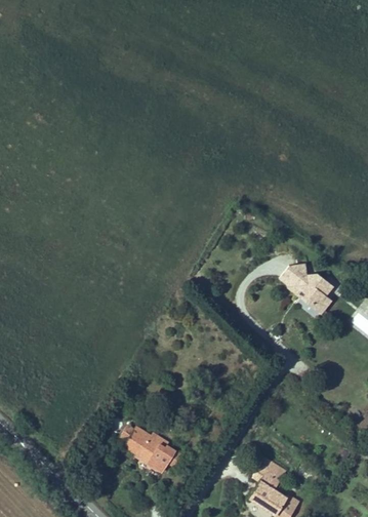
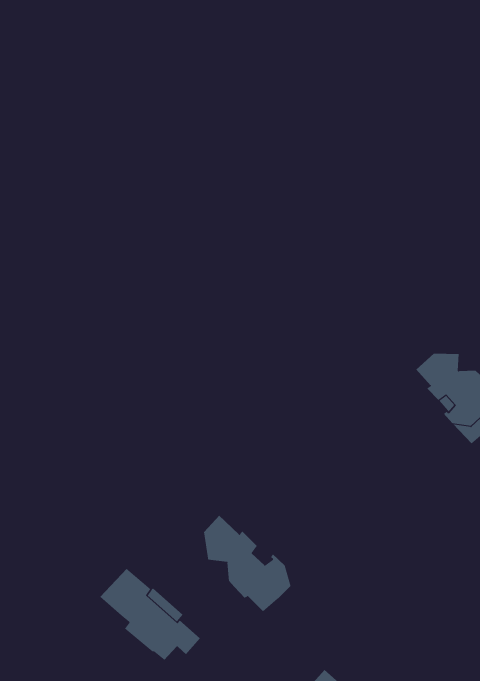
building: none -> [203,515,291,612]

